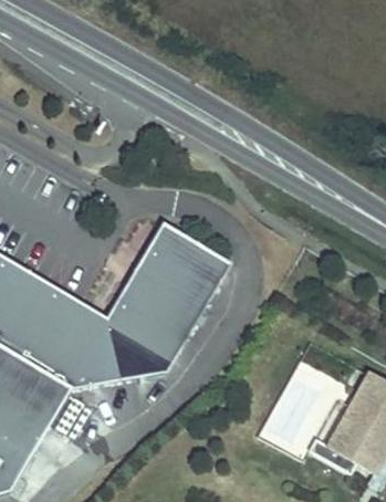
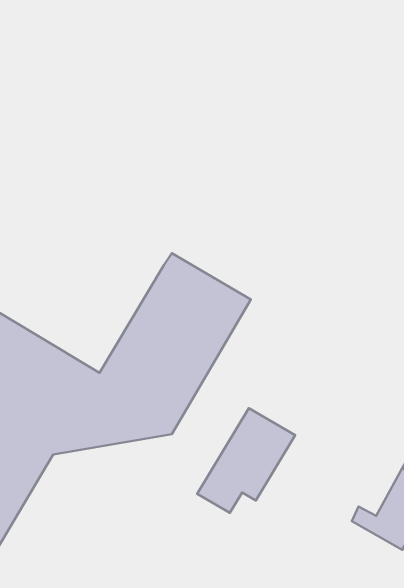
building: [262,363,342,448] -> [197,408,295,513]

